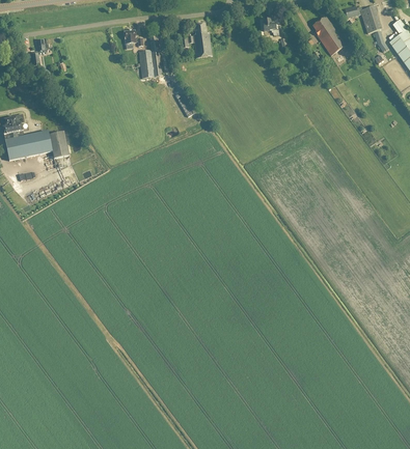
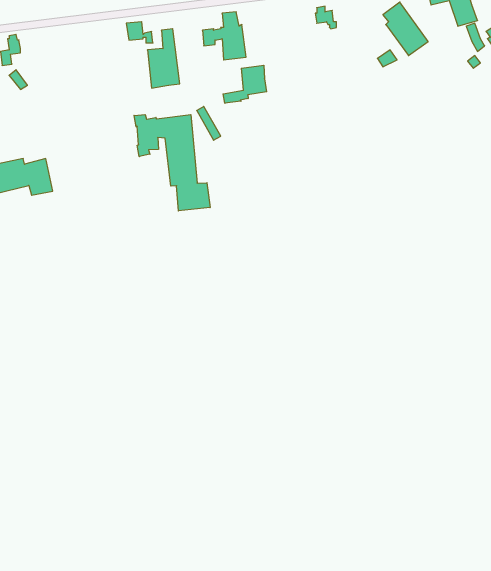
building: none -> [223,65,267,103]
building: none -> [134,115,210,211]

